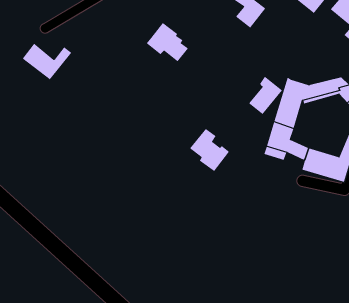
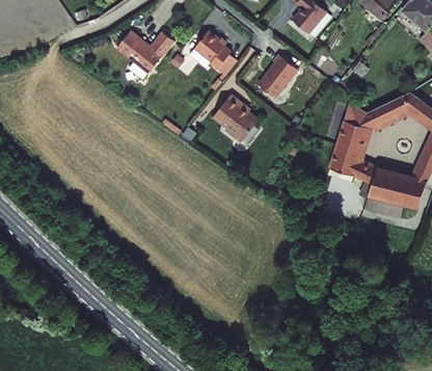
building: [22,43,72,80] -> [117,27,174,70]
building: [248,76,283,115] -> [262,52,301,97]
building: [189,128,230,172] -> [212,92,259,142]

